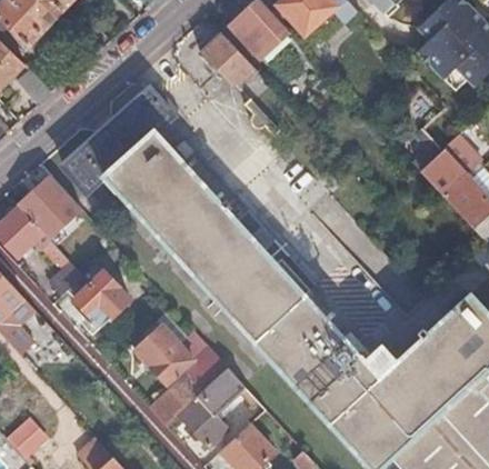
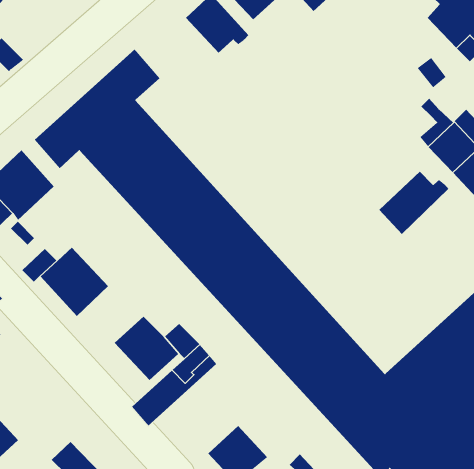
building: none -> [379,171,449,235]
building: [178,368,256,447] -> none

